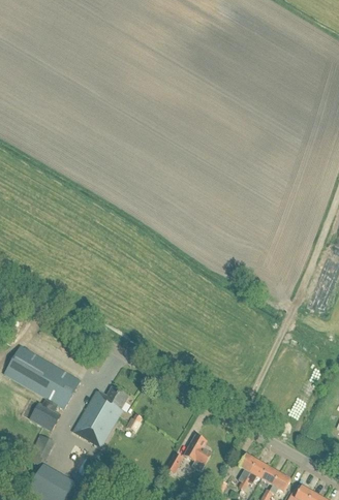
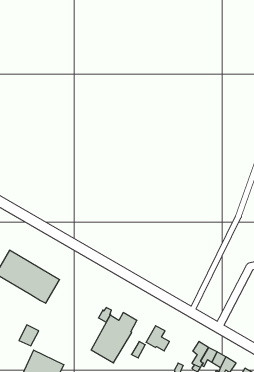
building: [73,386,128,446] -> [91,313,137,363]
building: [29,398,60,430] -> none

